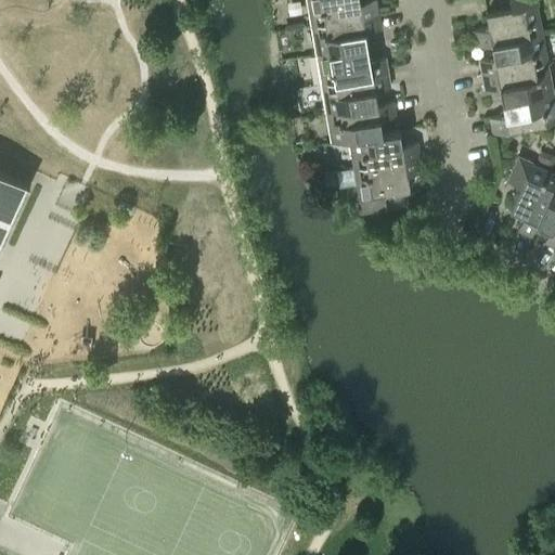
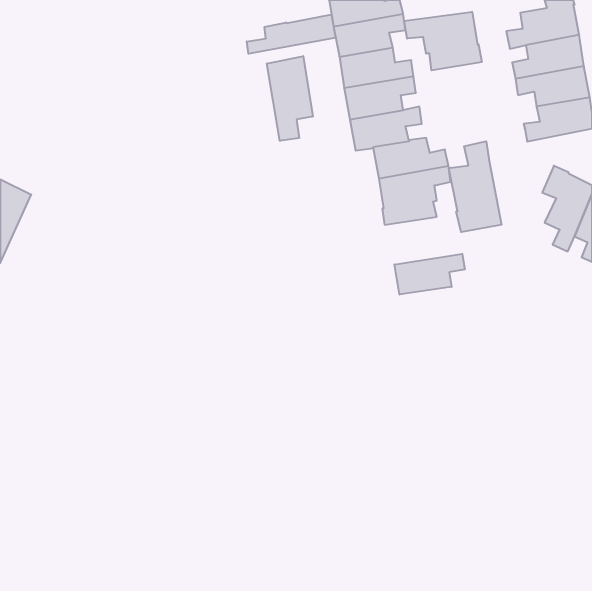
building: none -> [404,12,482,70]
building: none -> [247,14,335,54]
building: none -> [267,56,313,141]
building: none -> [449,141,501,232]
building: none -> [394,254,465,295]

